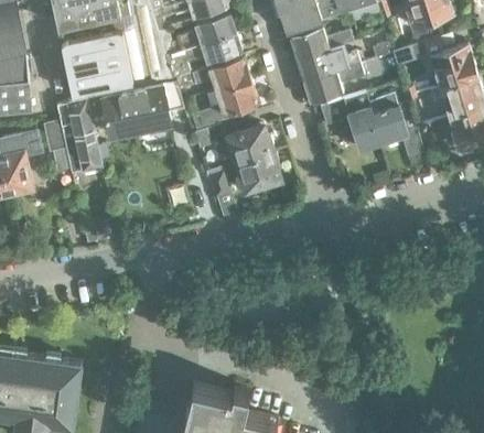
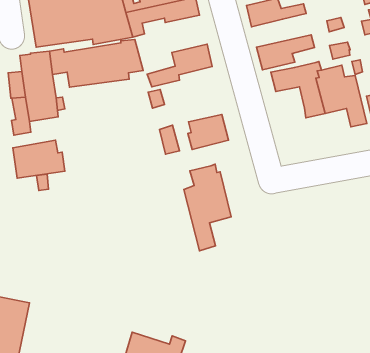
building: [297,50,359,80] -> none
building: [173,56,251,91] -> none
building: [228,127,271,163] -> none
building: none -> [13,140,65,178]
building: none -> [184,164,231,251]

